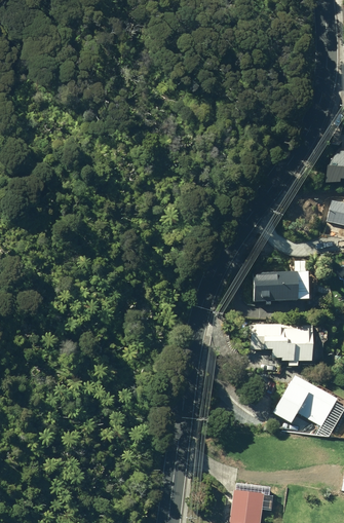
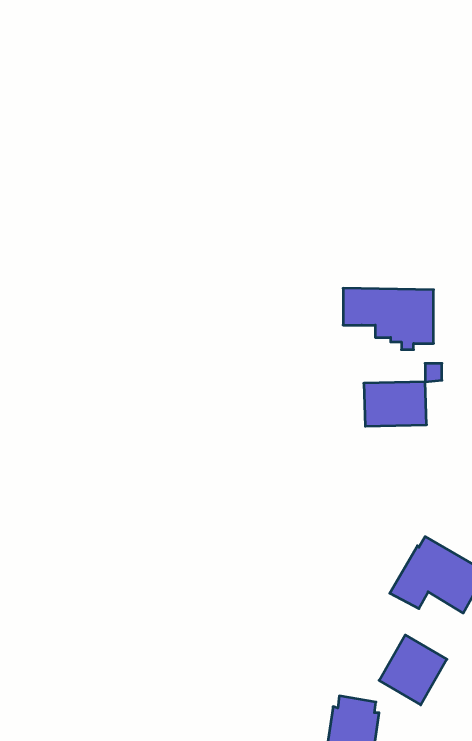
building: [251,325,311,366] -> [343,288,434,350]
building: none -> [379,635,447,705]

